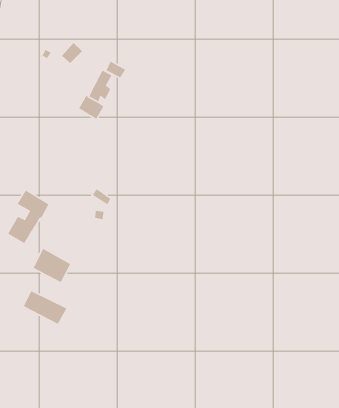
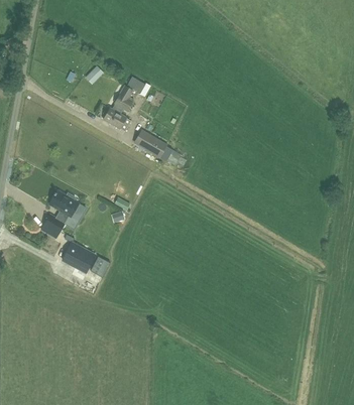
building: none -> [134,128,183,164]
building: [23,290,67,325] -> none

